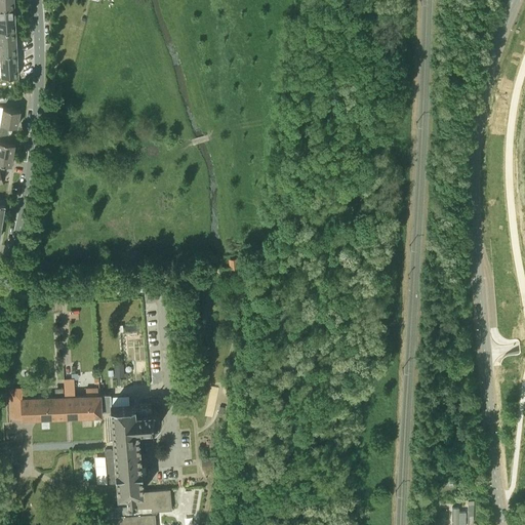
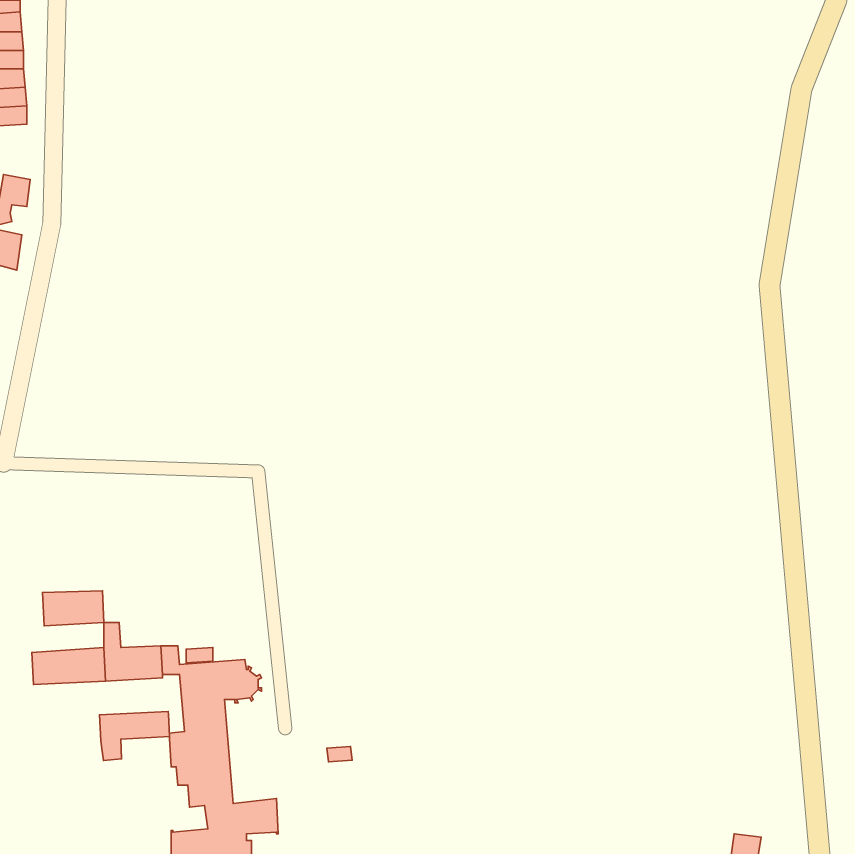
building: none -> [43,591,104,626]
building: none -> [100,712,169,760]

